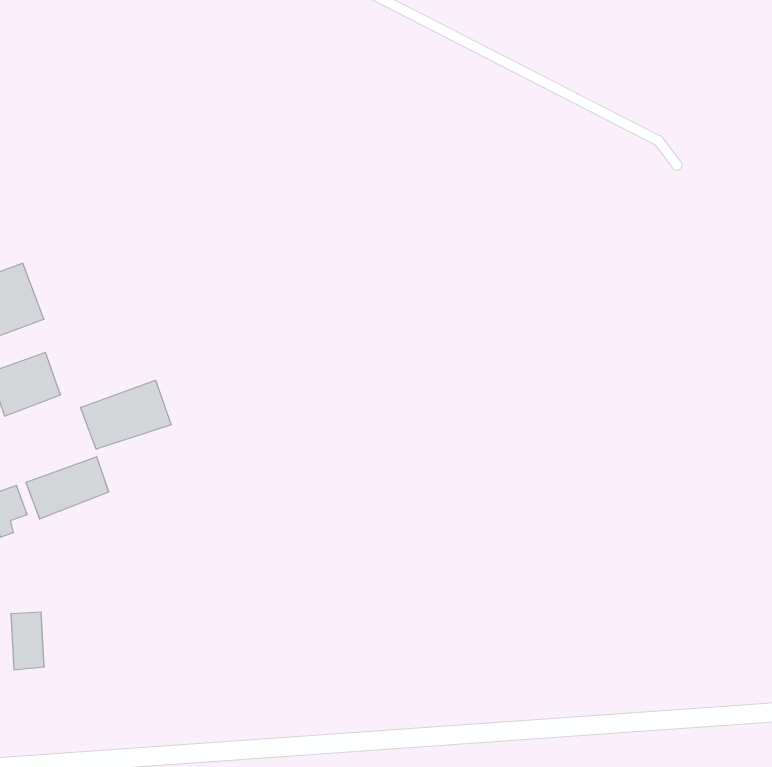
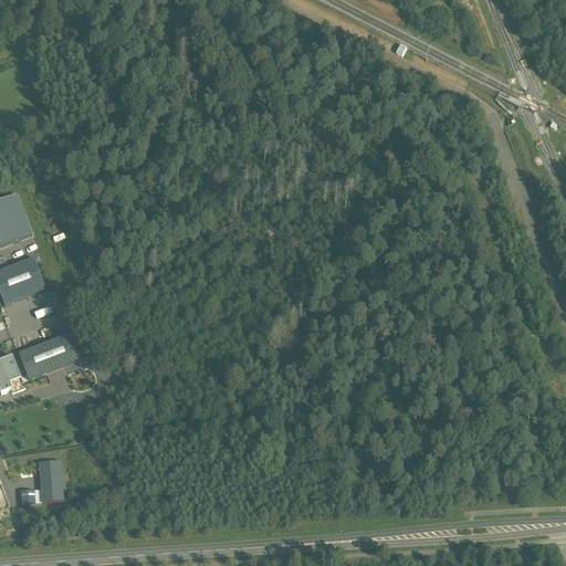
building: [81,380,171,449] -> none
building: [11,612,44,670] -> [39,461,63,503]

